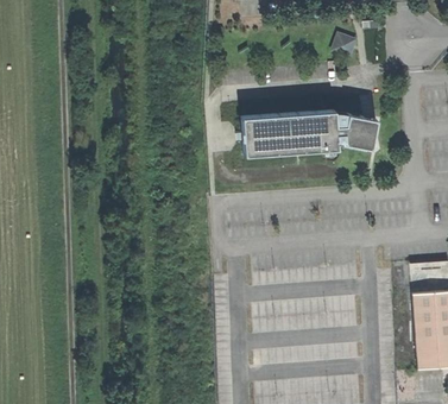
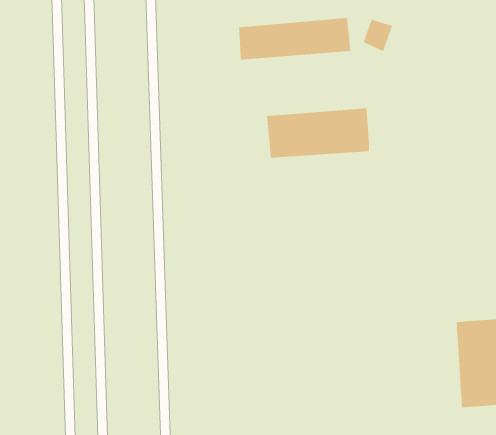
building: none -> [238,17,351,61]
building: [334,109,384,149] -> none

